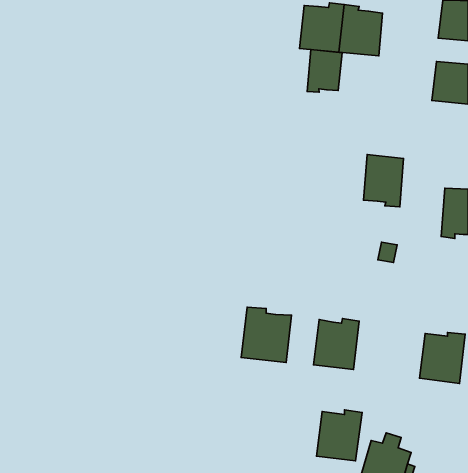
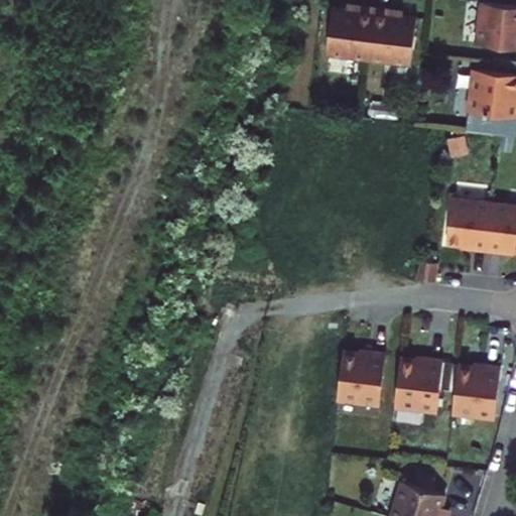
building: [307,49,342,92] -> none
building: [363,155,403,207] -> [438,203,482,259]
building: [241,307,292,363] -> none
building: [316,410,362,461] -> [397,355,446,410]

